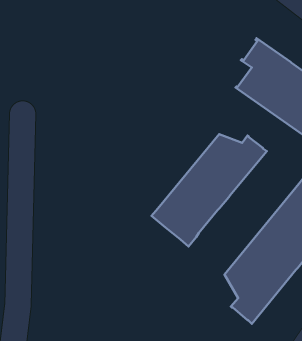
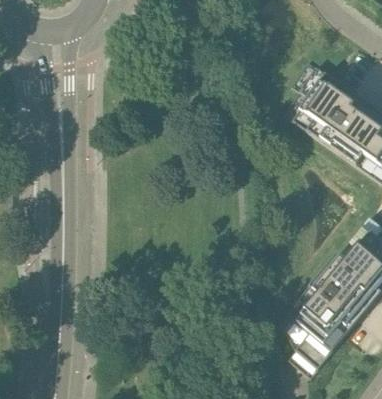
building: [151,134,267,246] -> none

